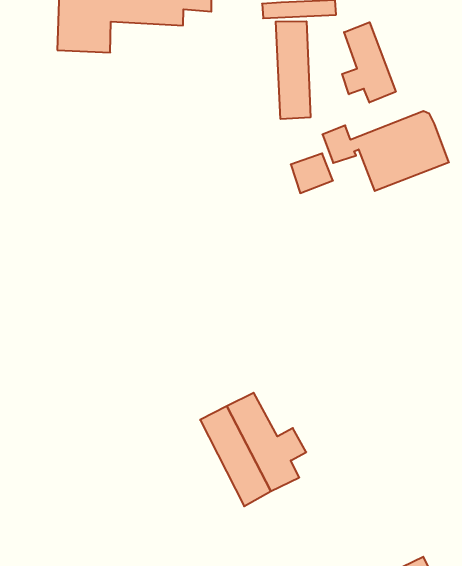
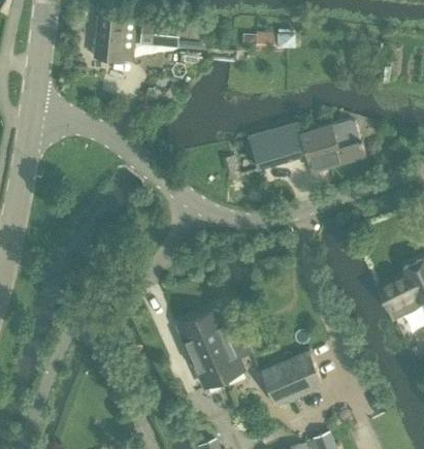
building: [276,21,310,119] -> none
building: [342,22,396,103] -> none
building: none -> [261,351,324,407]

